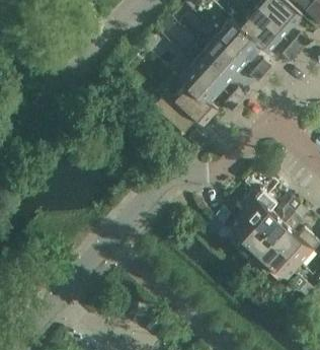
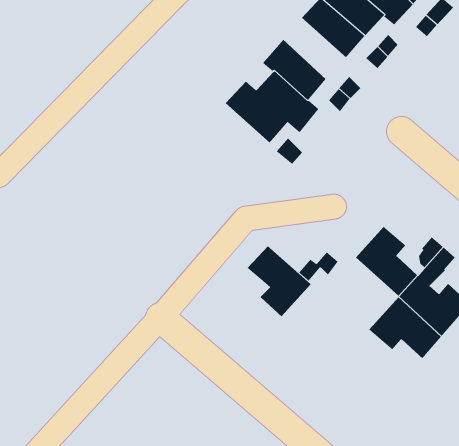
building: [192,48,235,89] -> none
building: [227,210,270,259] -> [247,245,311,317]

